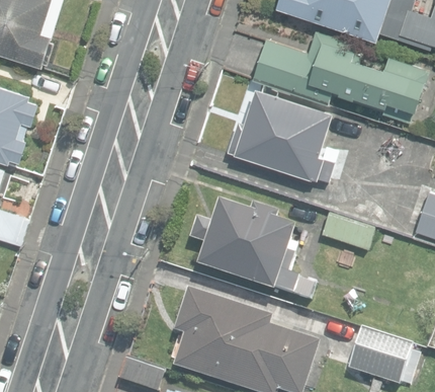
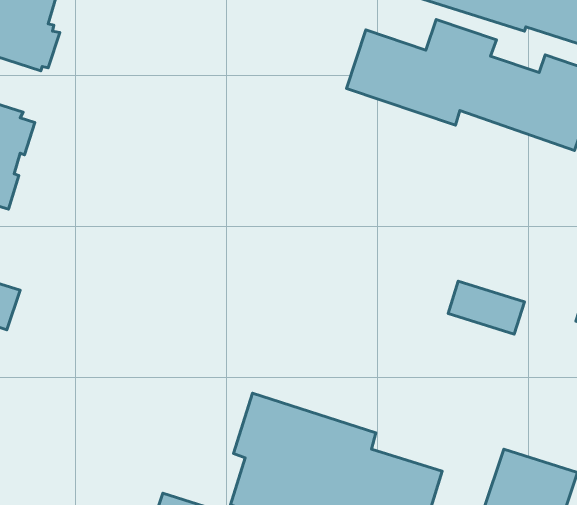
building: [228,87,339,180] -> none
building: [191,200,316,300] -> none

